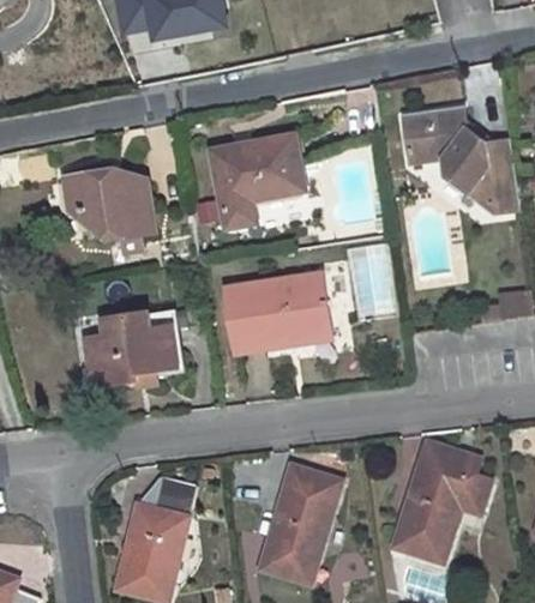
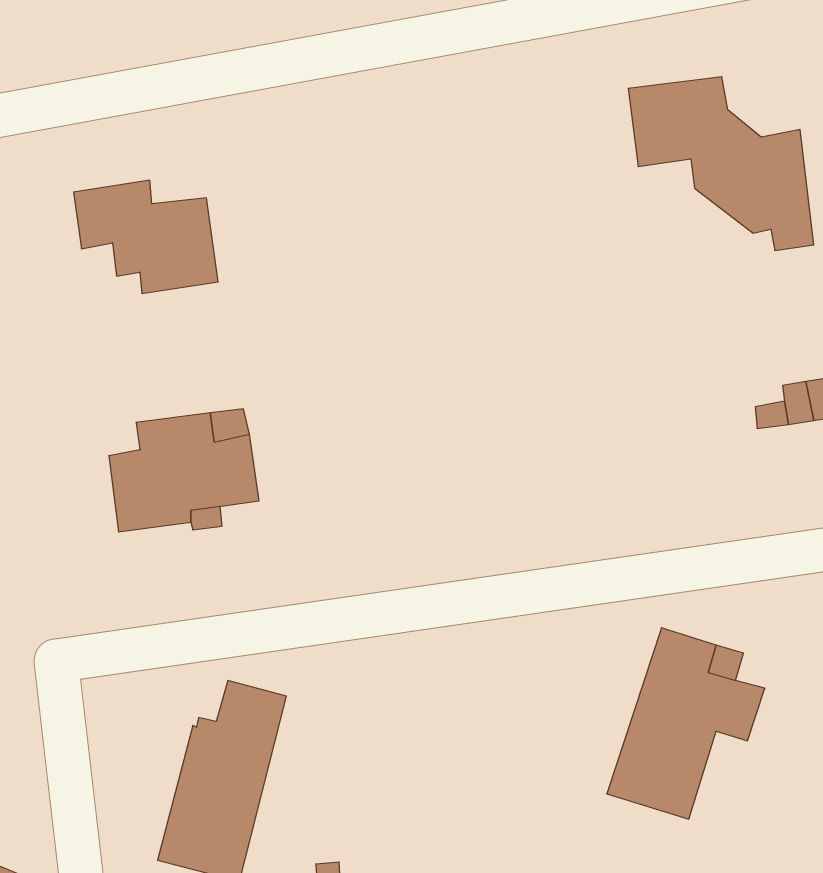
building: [211,135,305,228] -> none
building: [227,273,330,345] -> none
building: [259,465,339,583] -> none

